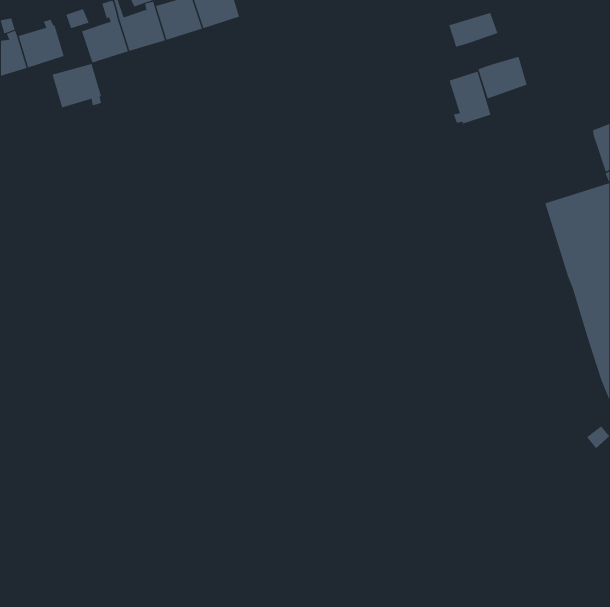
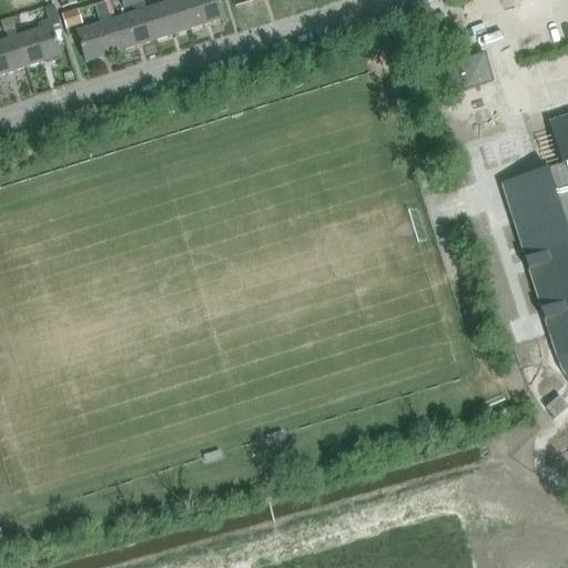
building: [448,12,498,47] -> none
building: [52,63,102,108] -> none
building: [449,71,491,124] -> none

